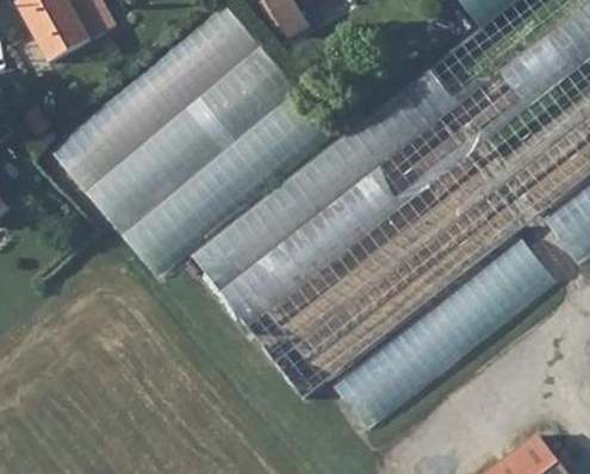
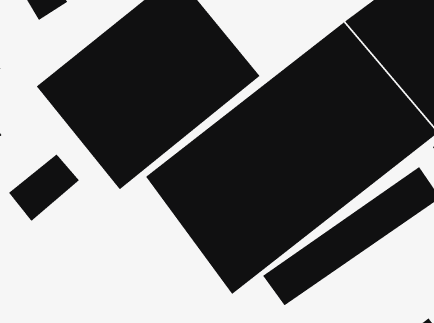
building: none -> [8,153,80,222]

